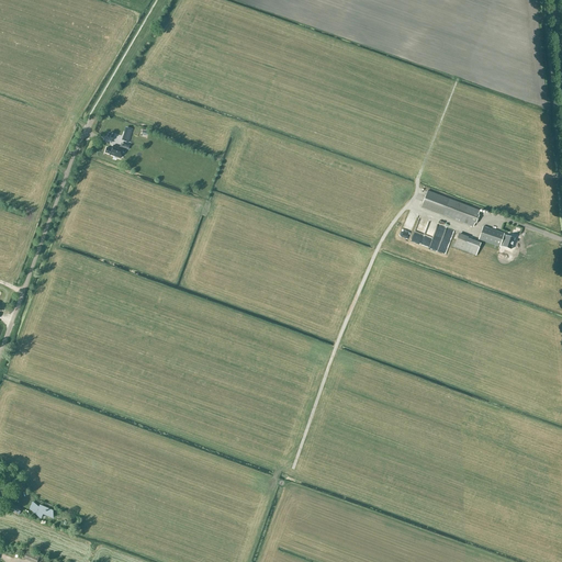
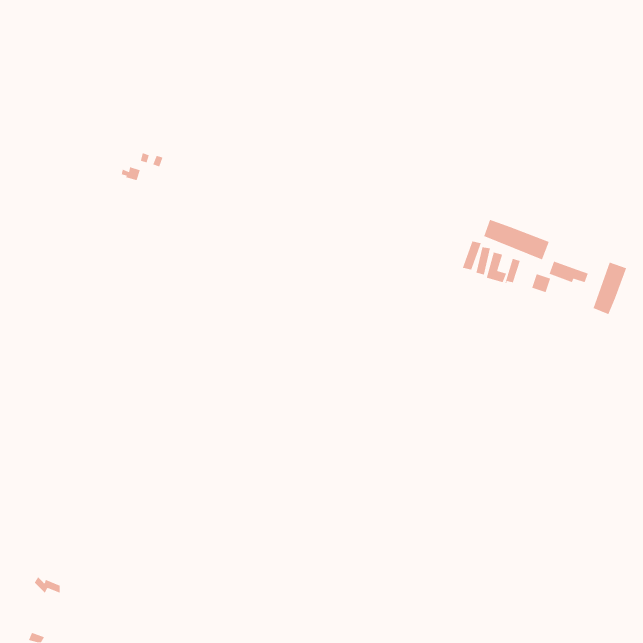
building: none -> [593,262,627,315]

